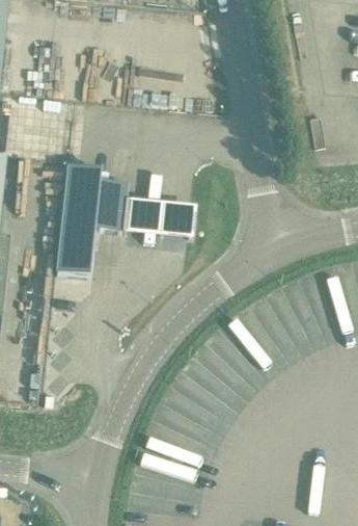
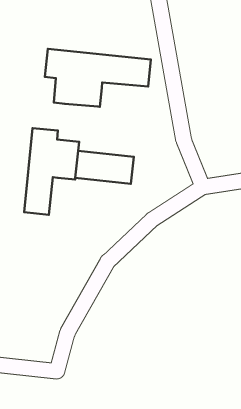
building: none -> [45,49,151,107]

